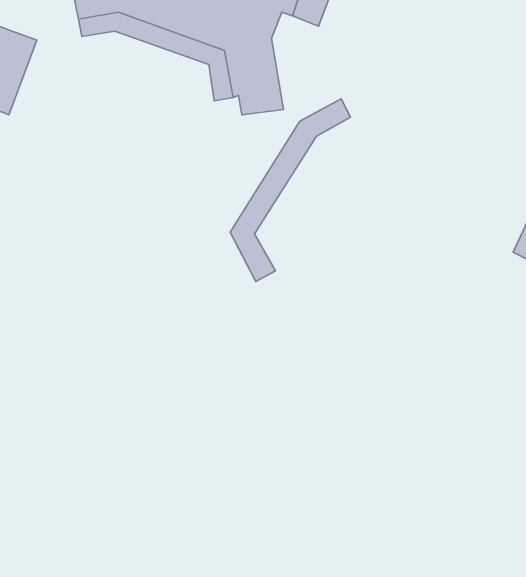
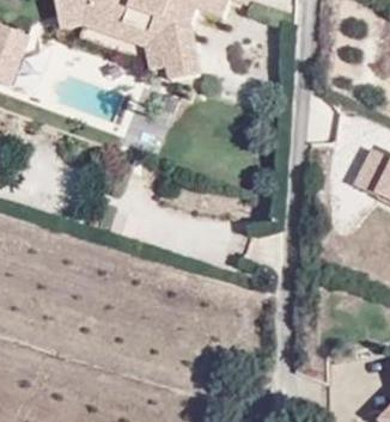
building: [230,99,350,281] -> none

